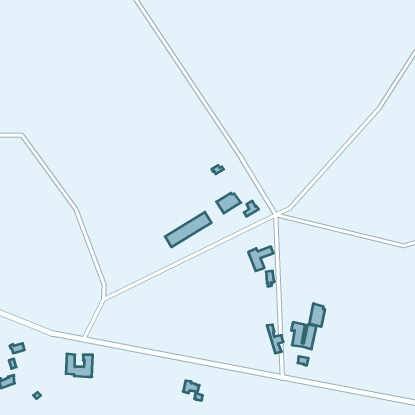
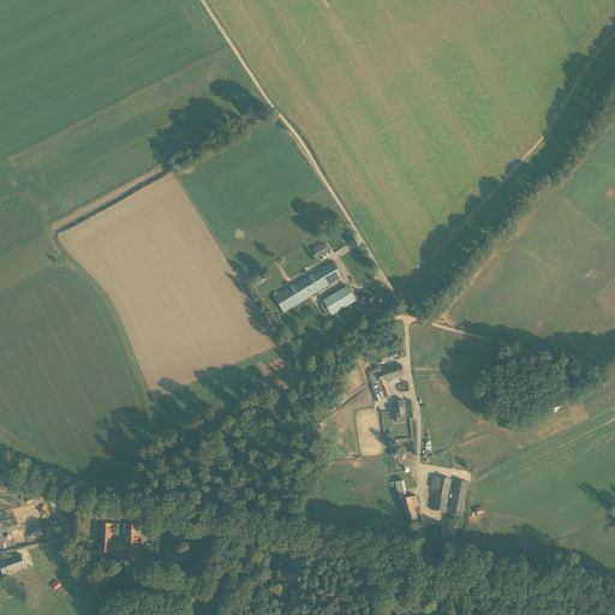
building: [165,212,211,247] -> [273,261,341,312]
building: [309,303,325,327] -> none

